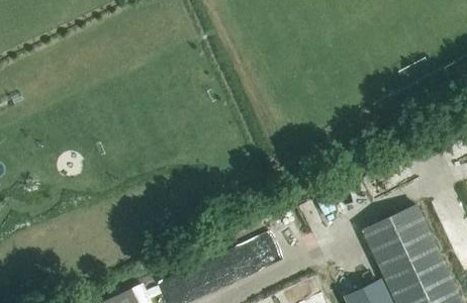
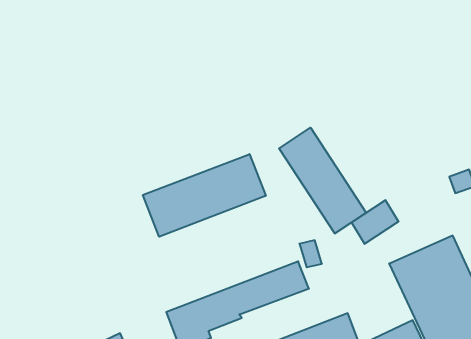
building: none -> [279,128,366,234]
building: none -> [143,154,266,237]

